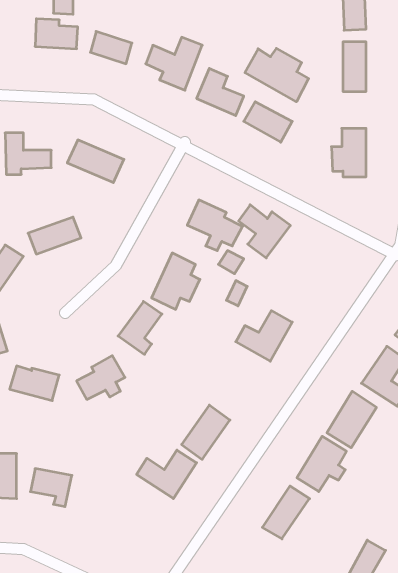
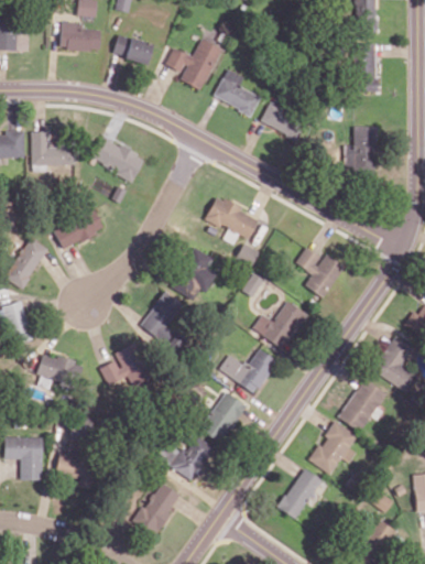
building: [245,48,309,102] -> none
building: [239,205,290,258] -> [296,247,346,297]
building: none -> [219,349,277,393]
building: none -> [134,481,181,535]

